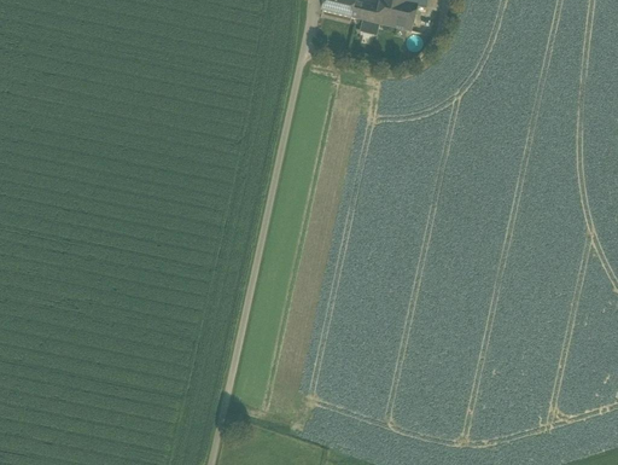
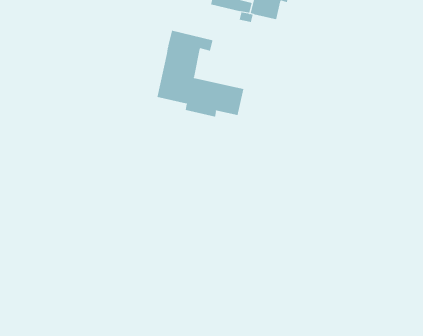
building: none -> [157,30,244,118]

